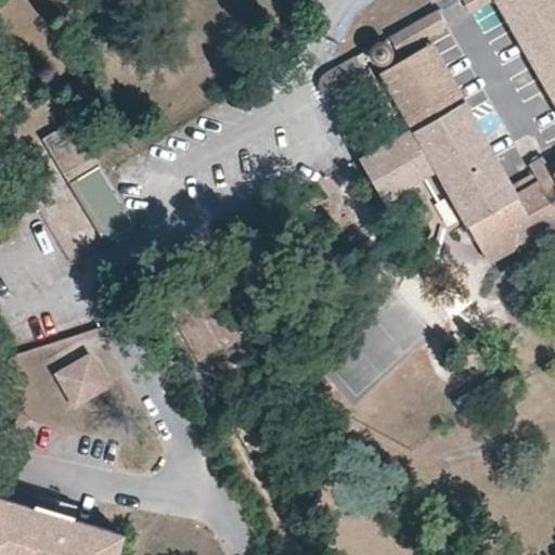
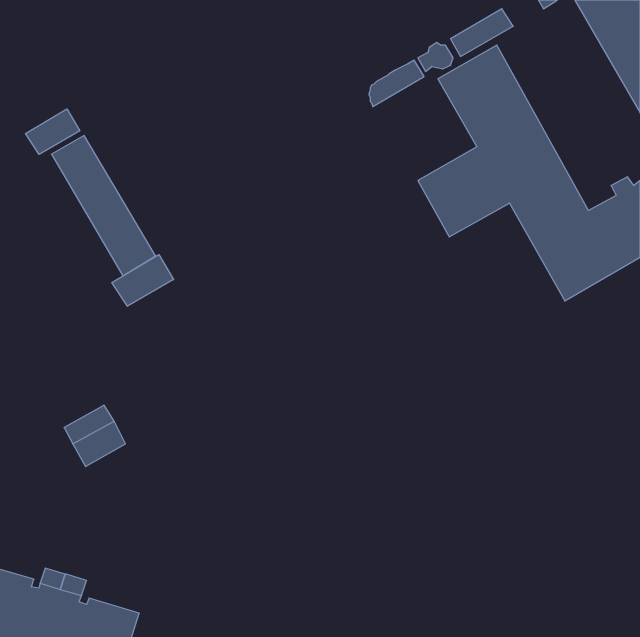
building: none -> [26,109,80,154]
building: none -> [112,255,174,306]

